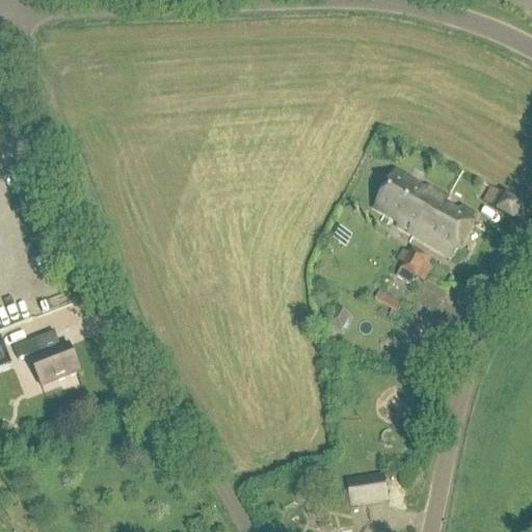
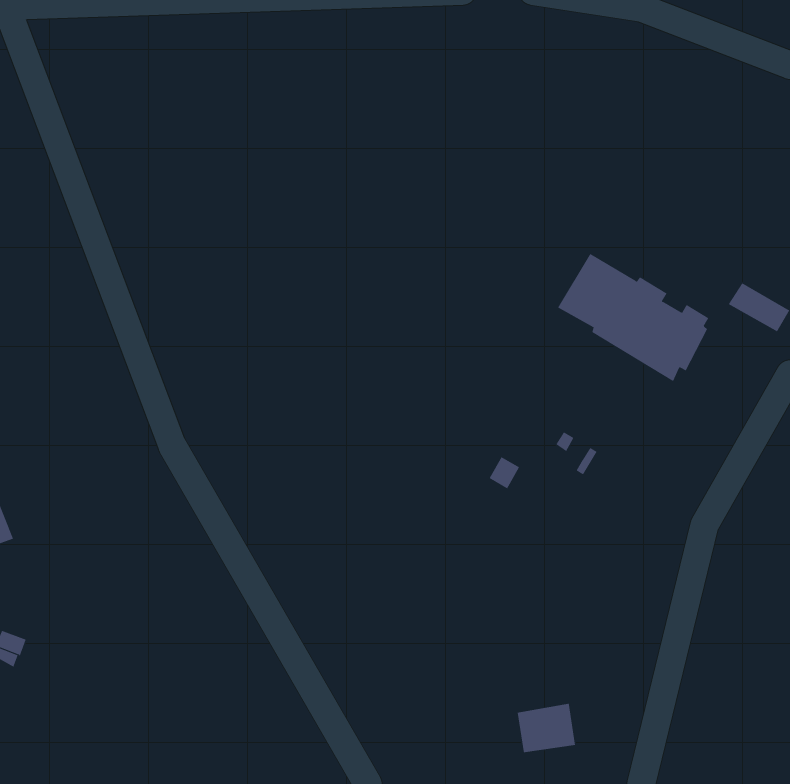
building: [396,245,431,282] -> none
building: [12,337,78,384] -> none

